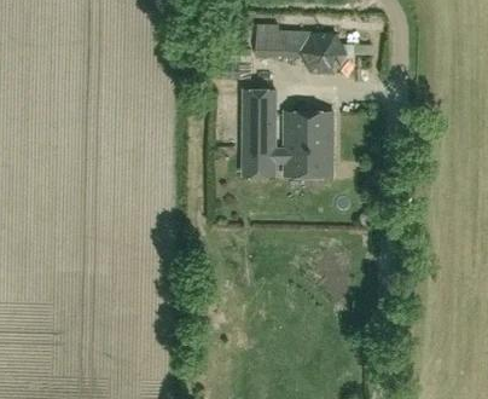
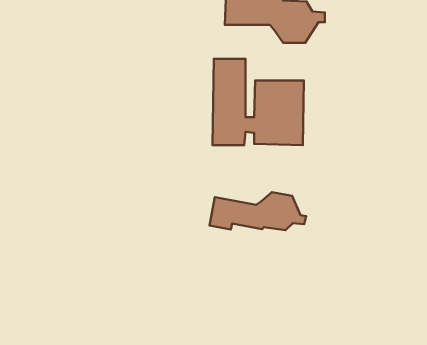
building: none -> [209,192,306,230]

